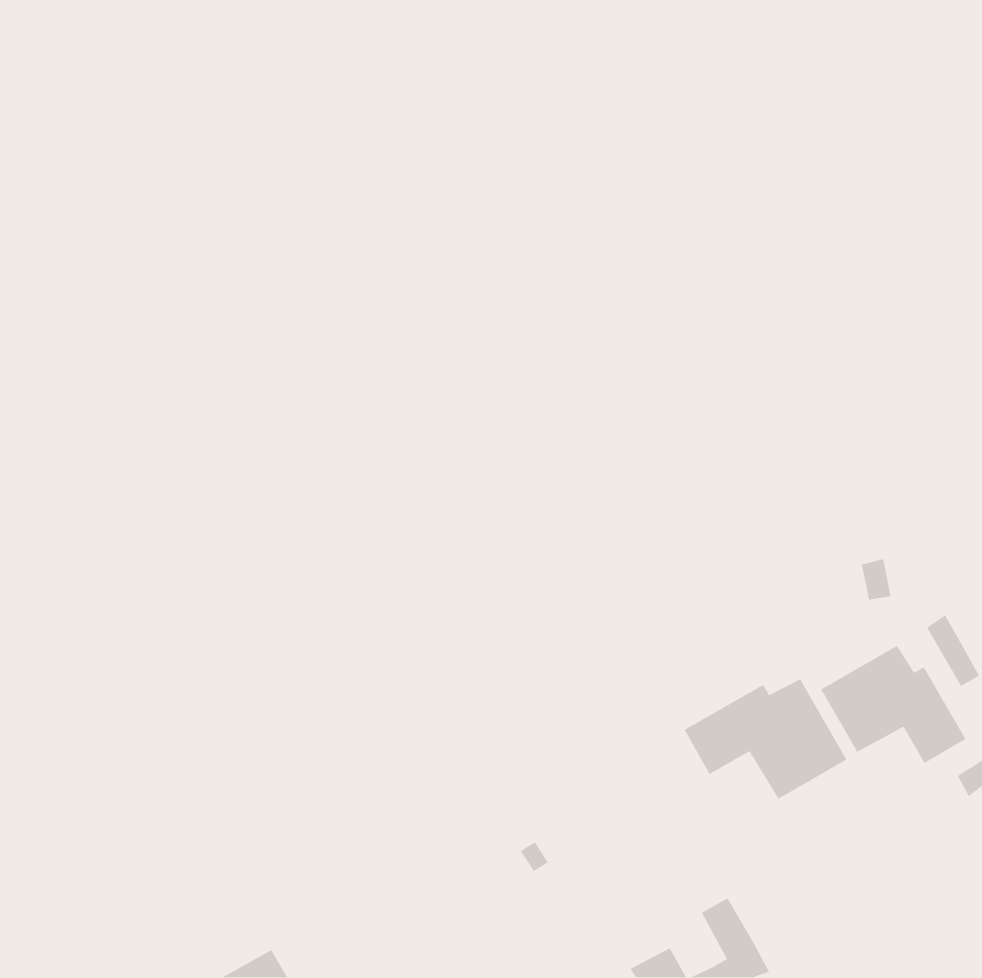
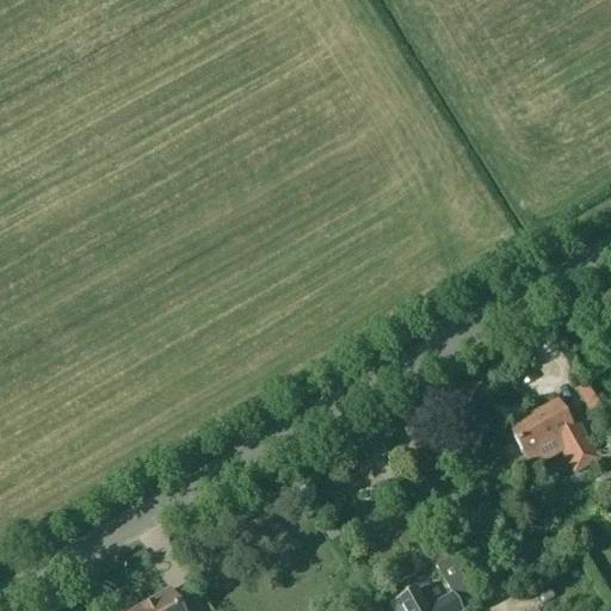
building: [684,678,847,800] -> none

